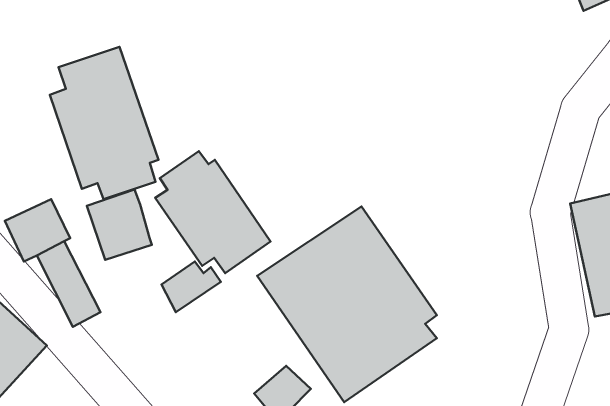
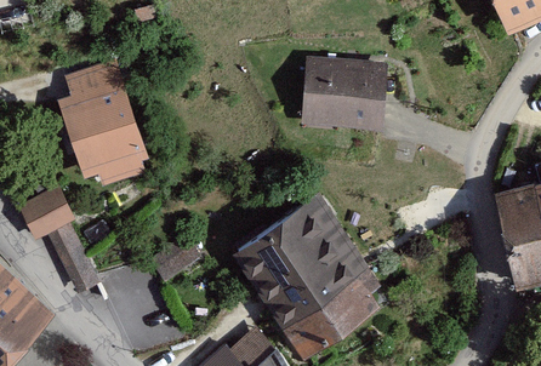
building: none -> [301,58,387,133]
building: [155,151,271,273] -> none
building: [87,189,152,260] -> none

